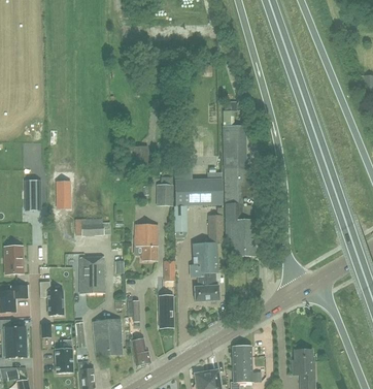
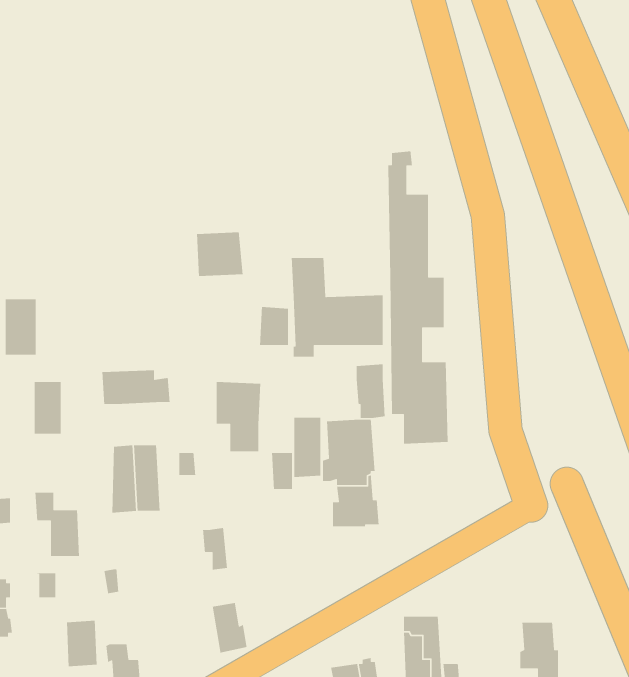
building: [56,180,70,207] -> [34,381,61,435]
building: [159,295,173,327] -> [294,417,321,478]
building: [93,318,123,355] -> none

